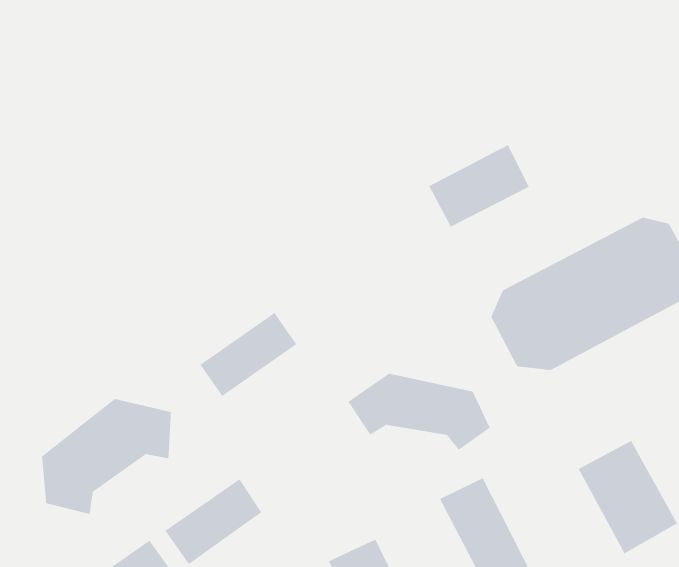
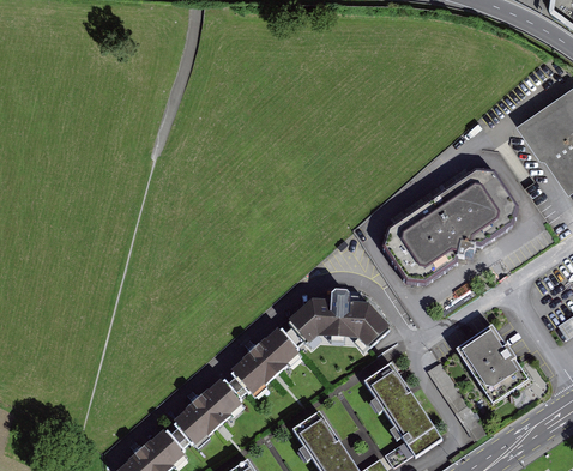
building: [429,144,529,228] -> none
building: [199,312,297,397] -> [233,328,298,391]
building: [41,398,171,515] -> none

